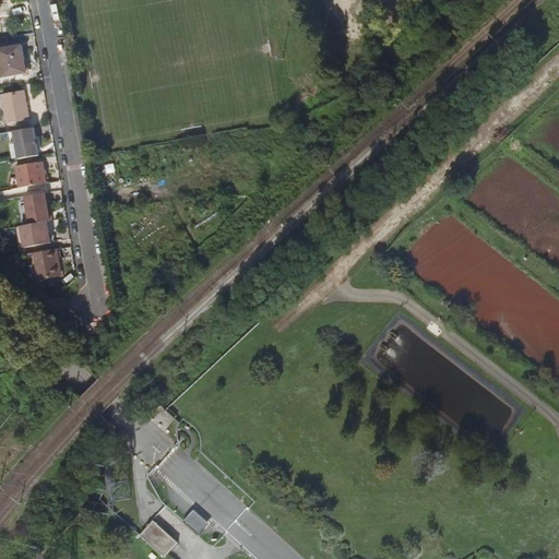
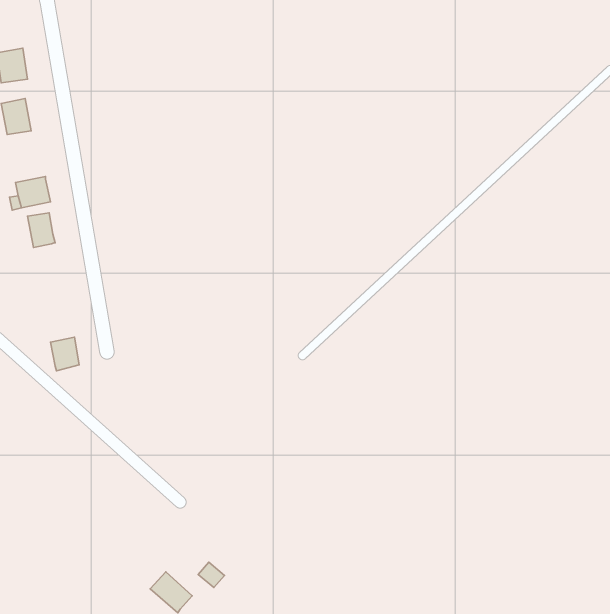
building: [13,127,38,158] -> none
building: [21,222,50,248] -> none
building: [33,249,59,280] -> [50,337,79,371]

